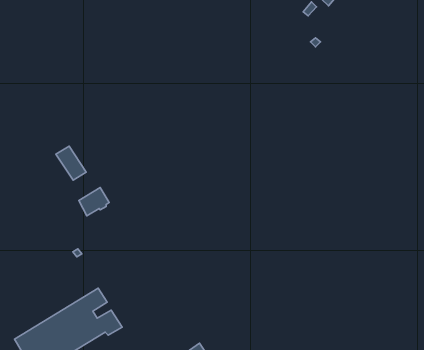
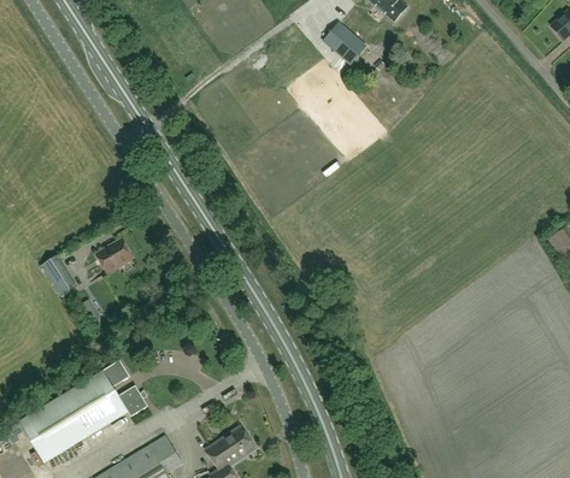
building: none -> [323,22,366,64]
building: [56,146,86,180] -> [41,255,77,296]

